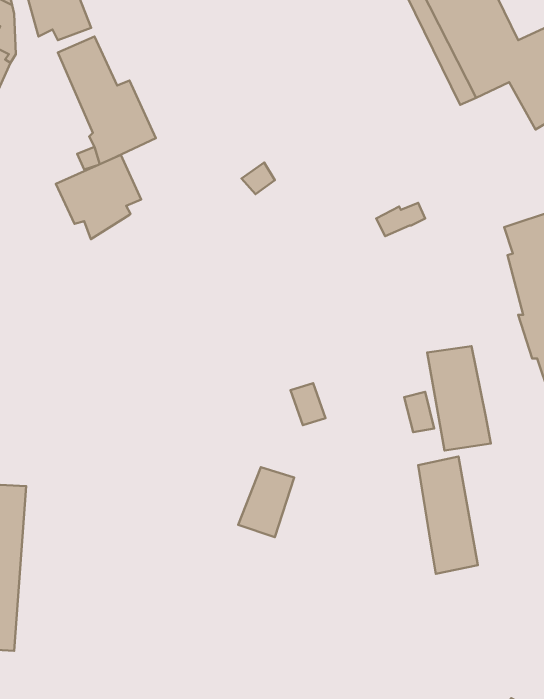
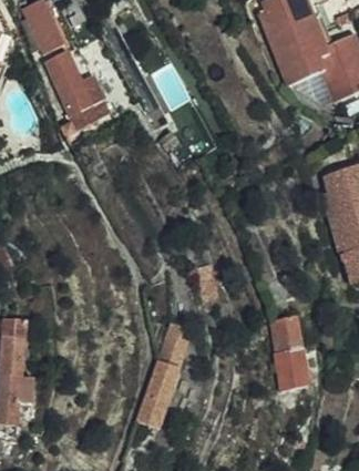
building: [56,155,141,239] -> none
building: [427,346,491,450] -> none
building: none -> [137,360,180,429]

